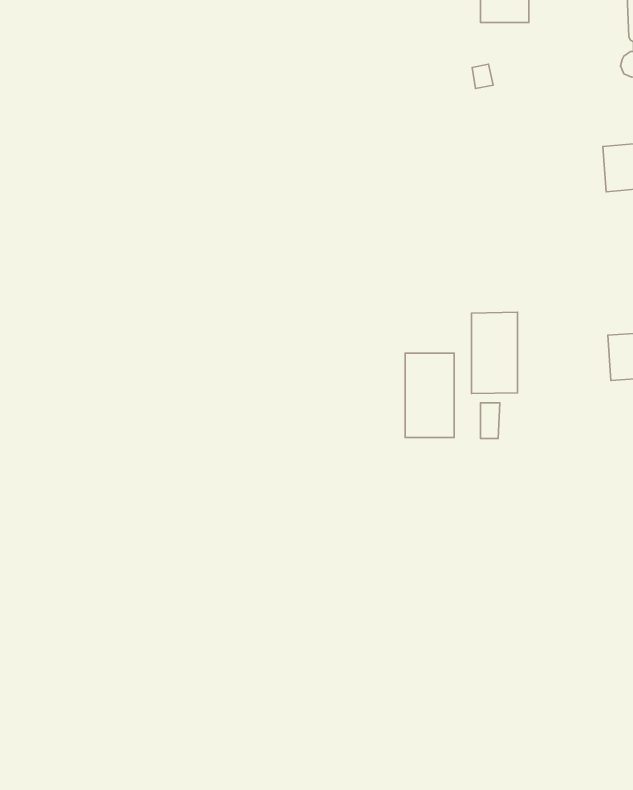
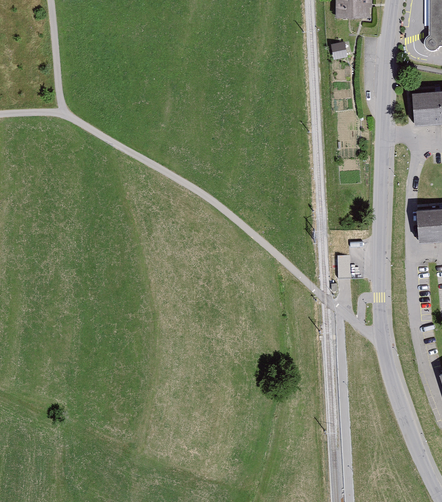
building: [472,312,518,394] -> none
building: [405,353,454,438] -> none

